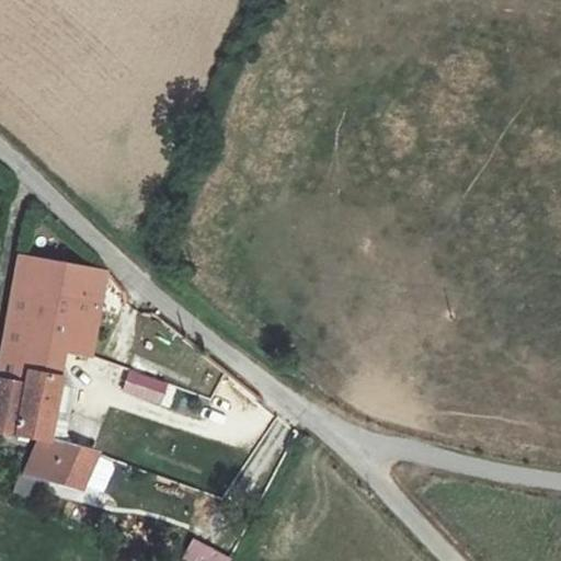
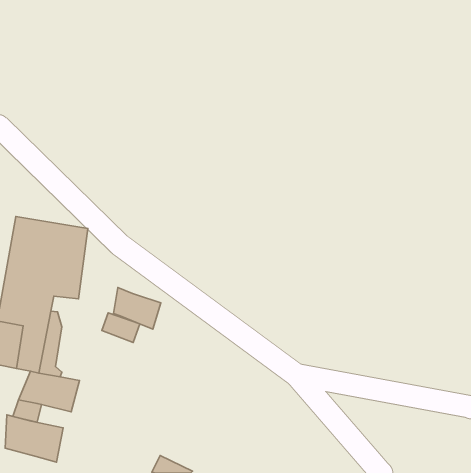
building: none -> [113,288,161,329]
building: none -> [5,415,63,462]

